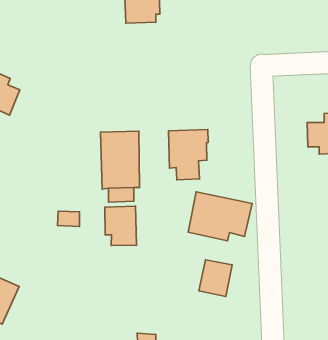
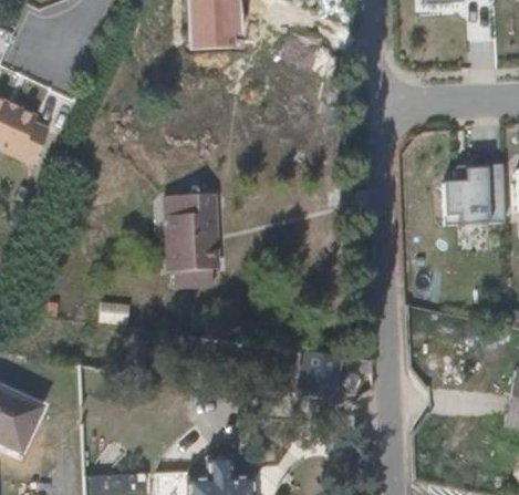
building: [169,130,208,180] -> none
building: [188,192,252,241] -> none
building: [105,206,137,245] -> none

